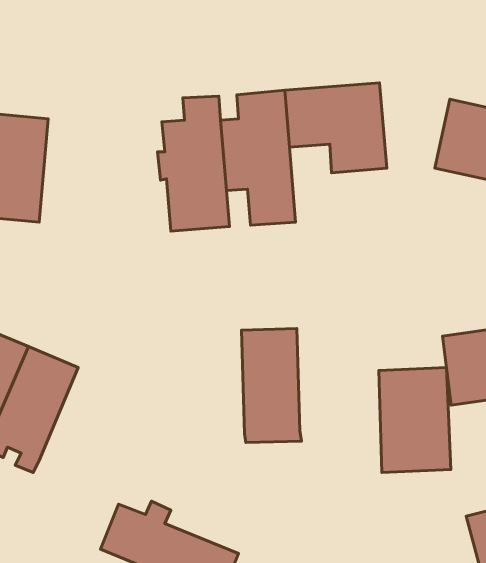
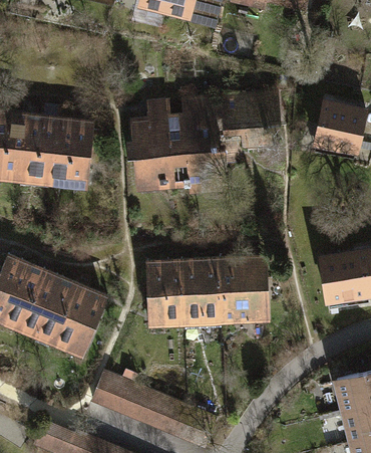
building: none -> [49,114,94,186]
building: none -> [146,255,187,325]
building: none -> [49,273,109,357]
building: [379,368,451,472] -> [222,252,270,322]

